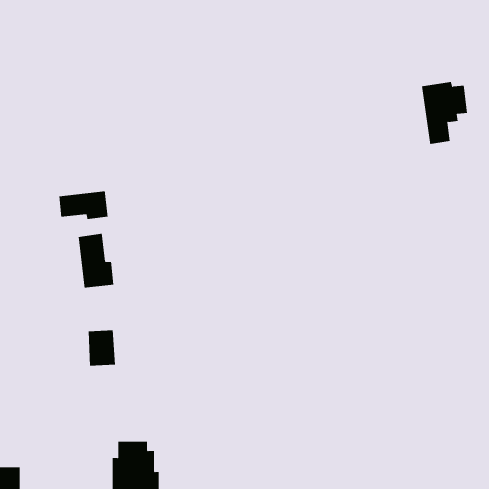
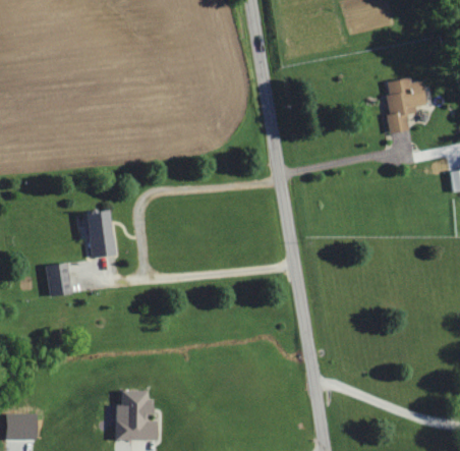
building: [59,190,108,220] -> none
building: [88,330,116,366] -> [47,264,71,295]

